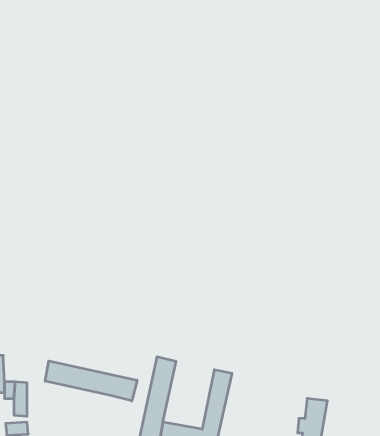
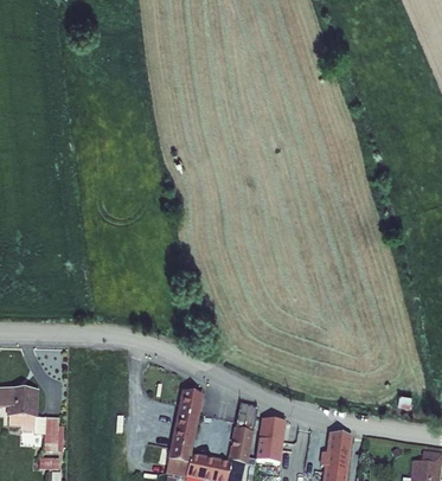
building: [45,361,137,401] -> none
building: none -> [256,418,284,462]

